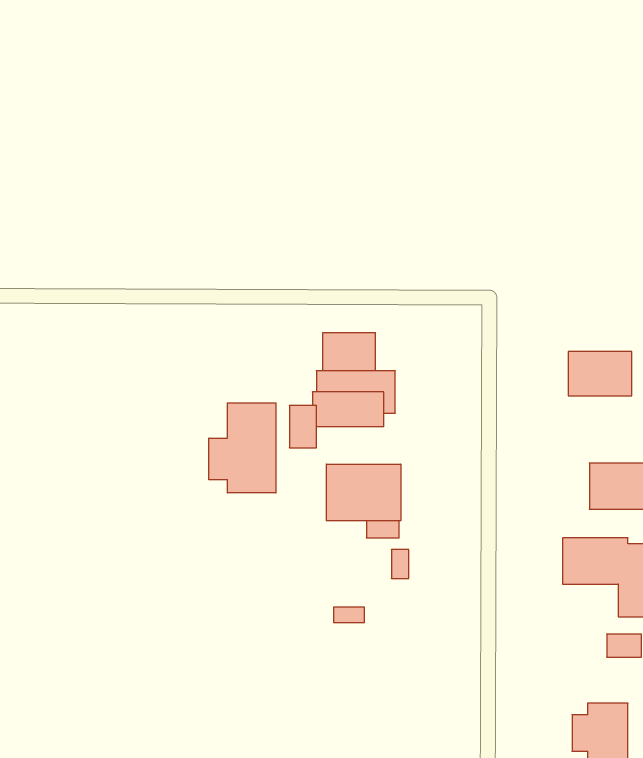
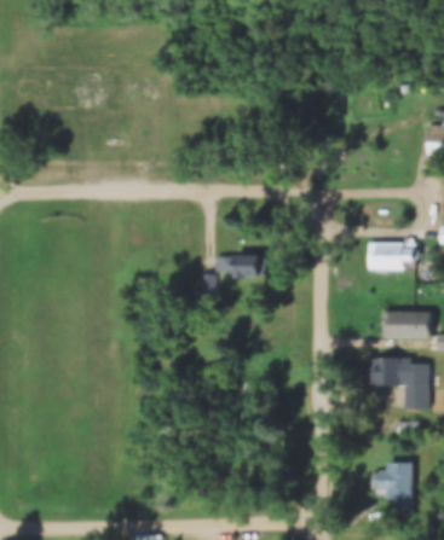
building: [323,333,375,371] -> none
building: [209,403,276,493] -> none
building: [326,464,401,521] -> none

